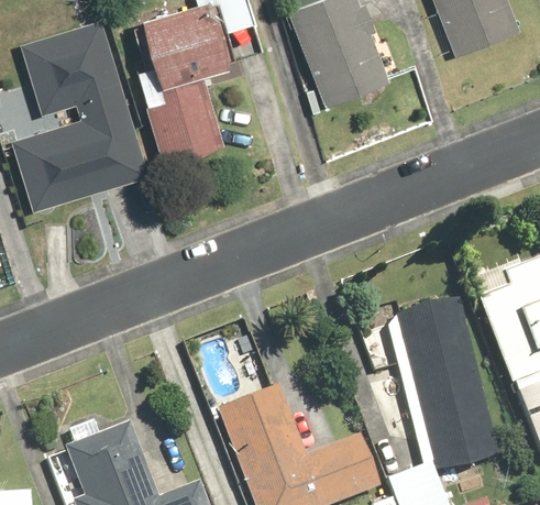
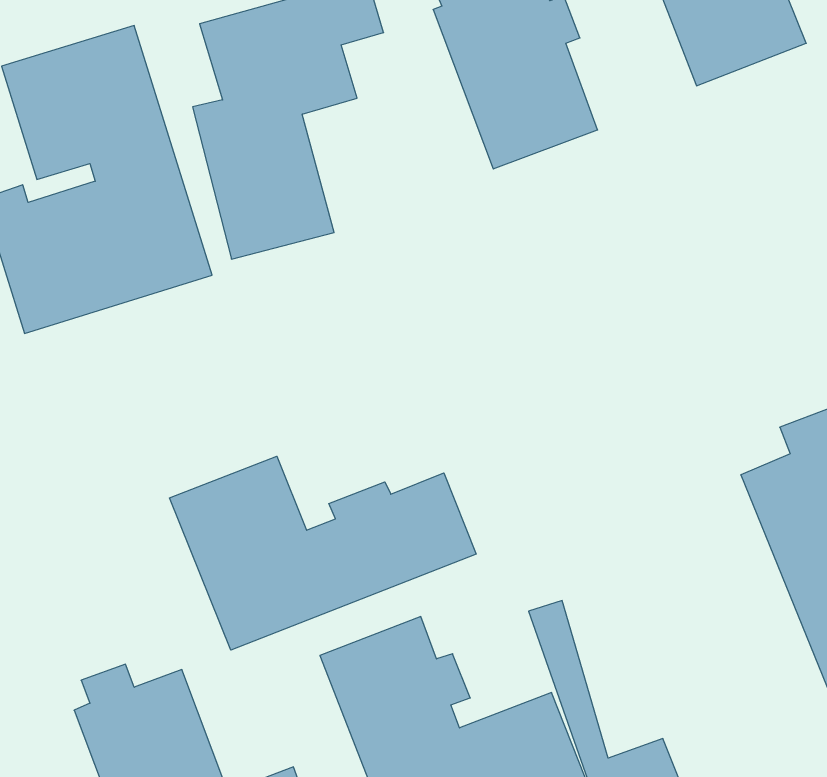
building: none -> [170,456,476,650]
building: [359,296,499,470] -> none

